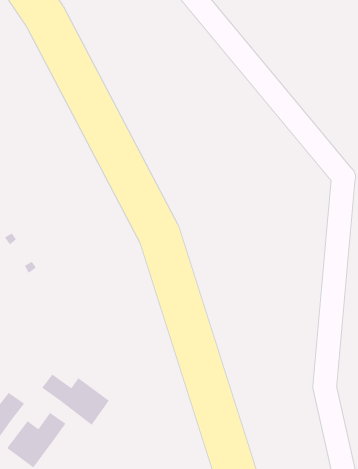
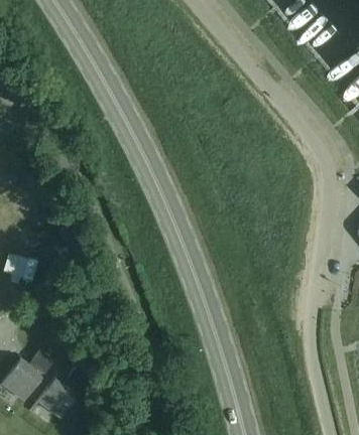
building: [41,373,110,426] -> none

